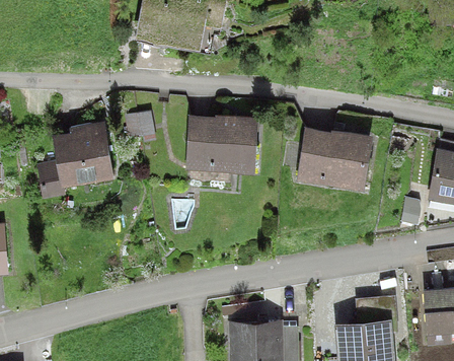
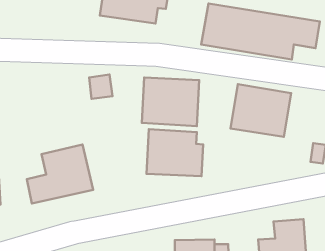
building: none -> [201,3,320,60]
building: [37,125,121,199] -> [27,145,93,204]
building: none -> [147,129,203,176]

